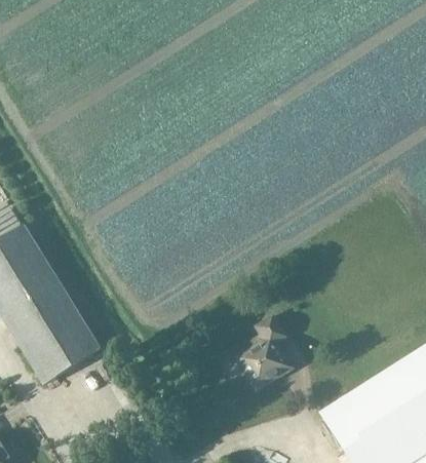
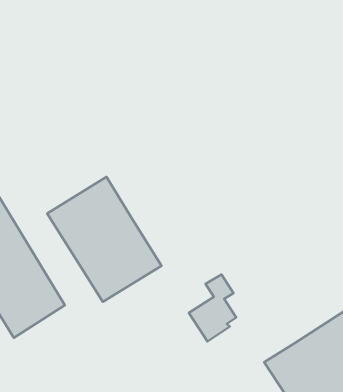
building: none -> [47,177,162,302]

